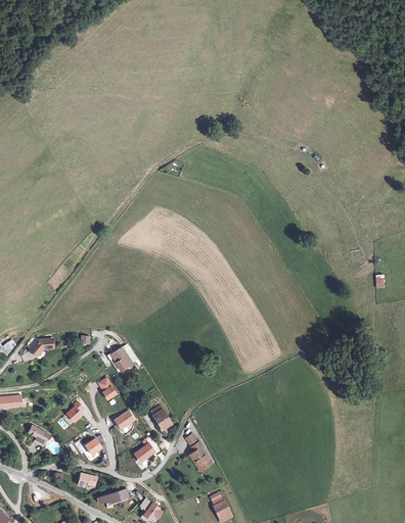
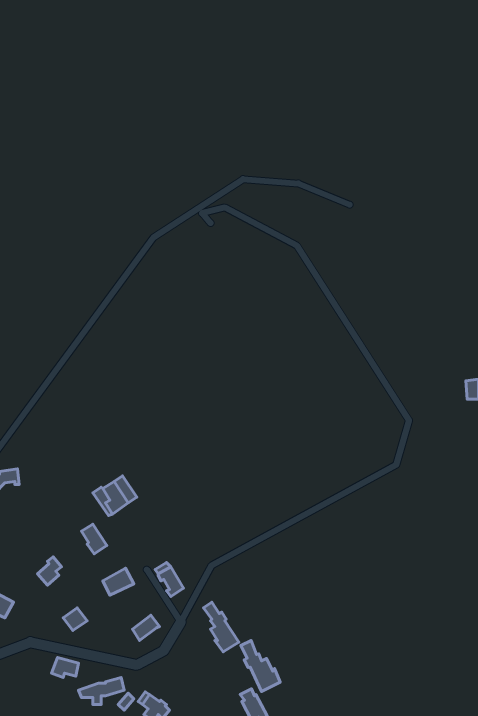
building: none -> [241,641,280,692]

